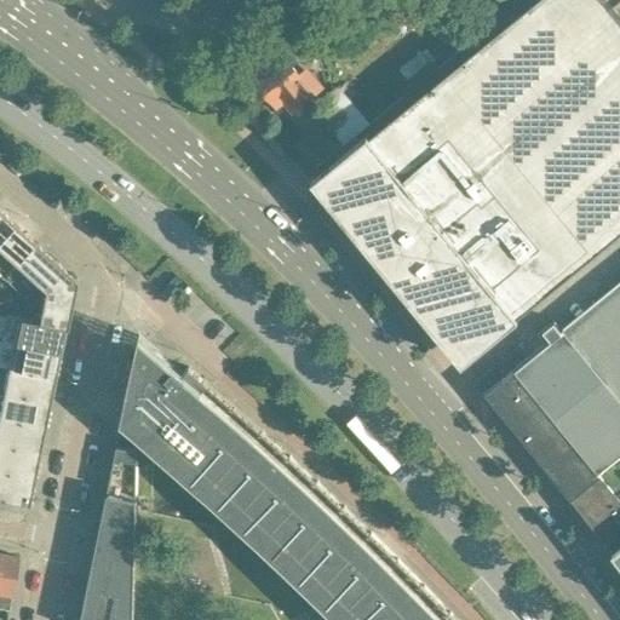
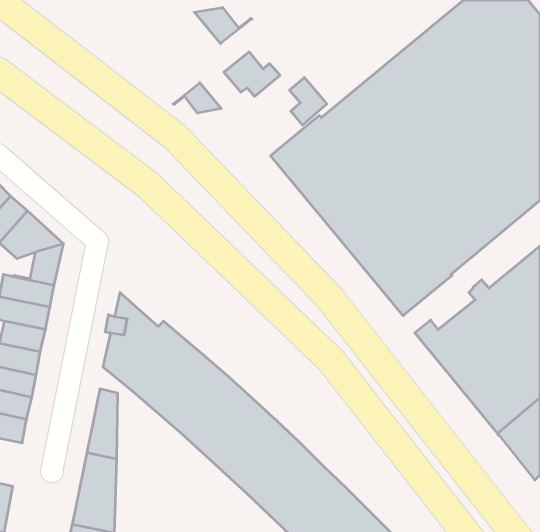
building: none -> [194,7,252,44]
building: none -> [173,83,221,113]

